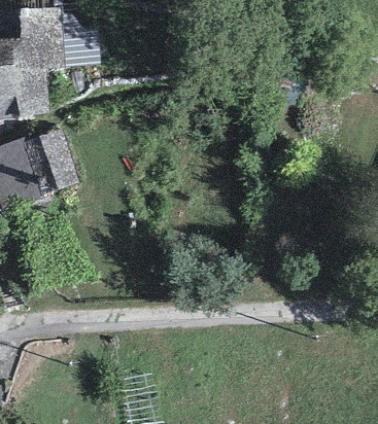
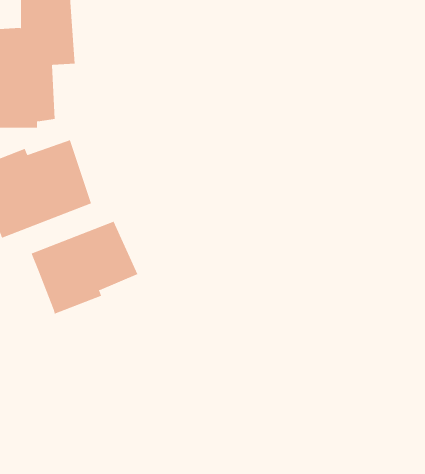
building: none -> [31,221,138,315]

